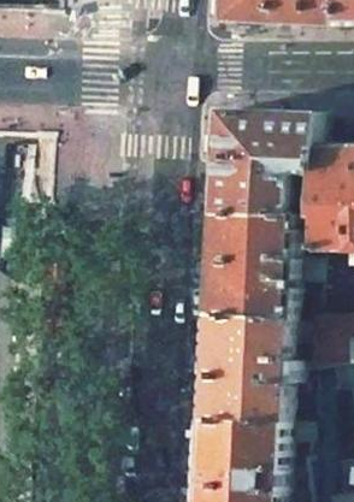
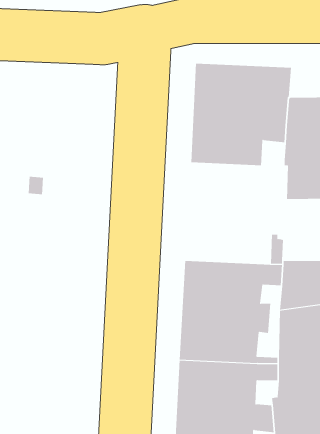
building: [202,211,309,317] -> none

